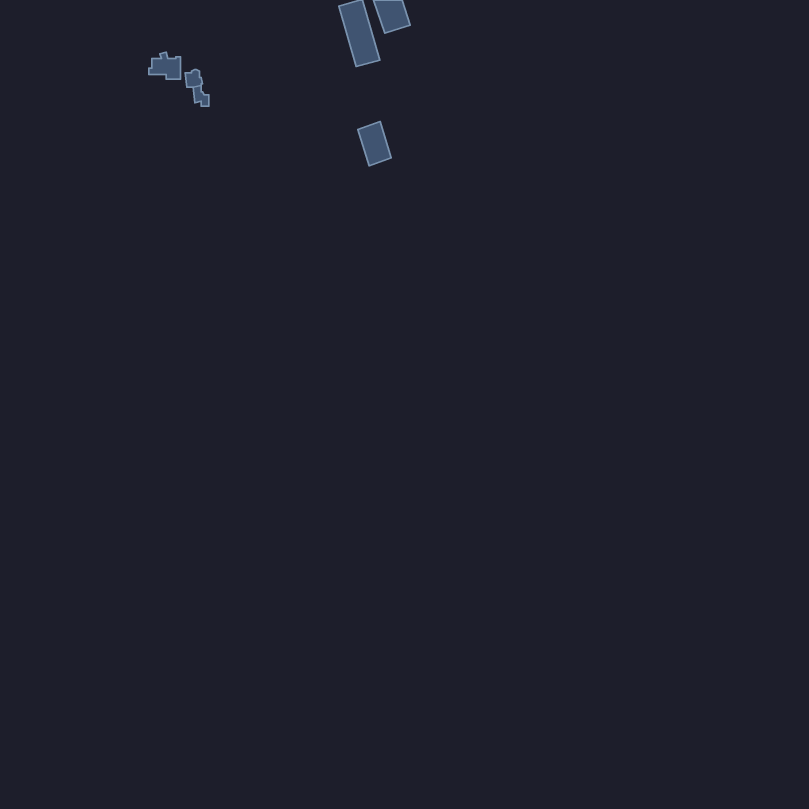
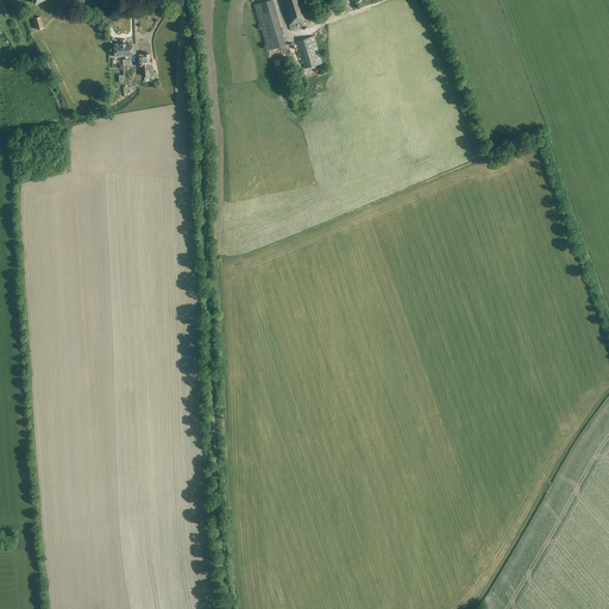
building: [358,121,391,166] -> [296,36,321,69]

